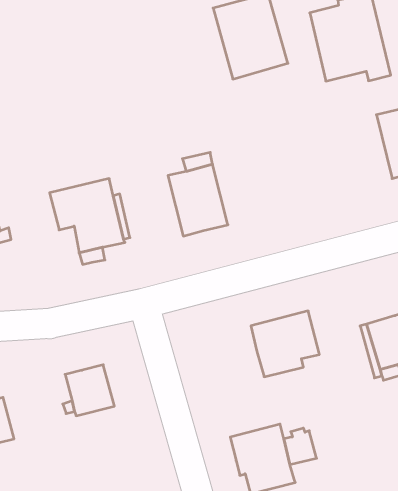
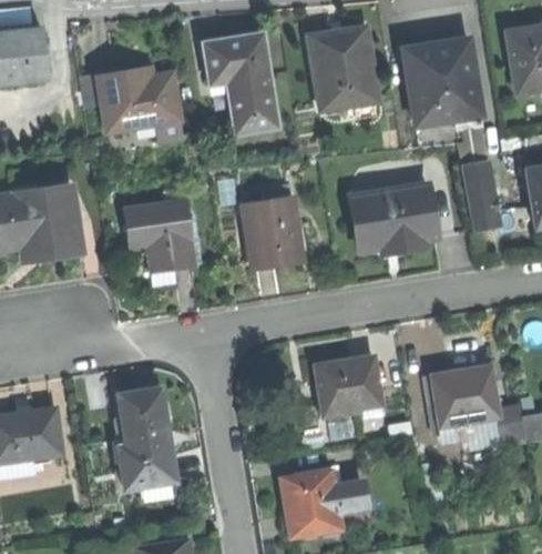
building: none -> [204,33,277,132]
building: none -> [101,71,183,142]
building: none -> [351,185,437,250]
building: none -> [116,432,172,486]

